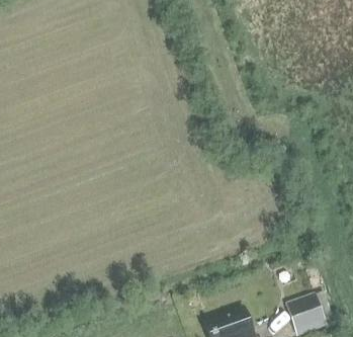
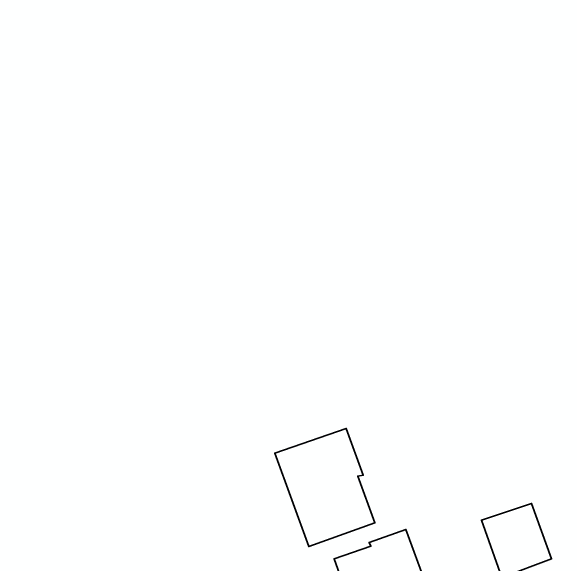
building: none -> [275,428,375,547]

